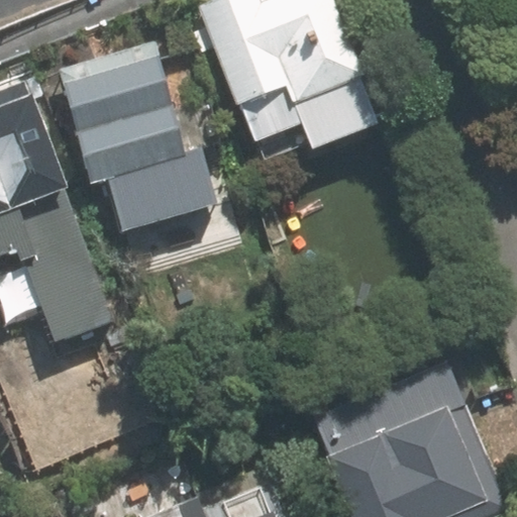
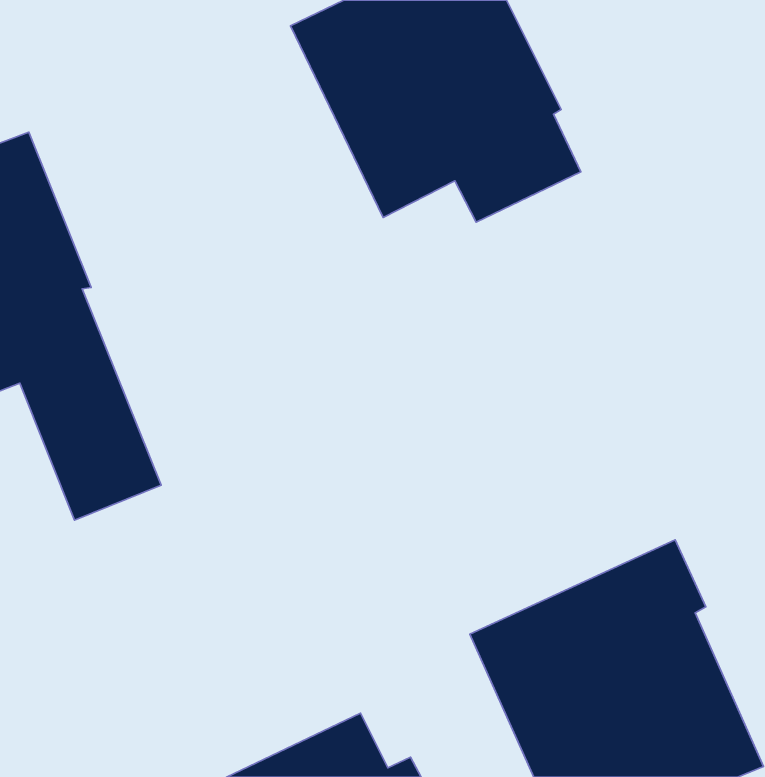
building: [66,51,224,235] -> none

